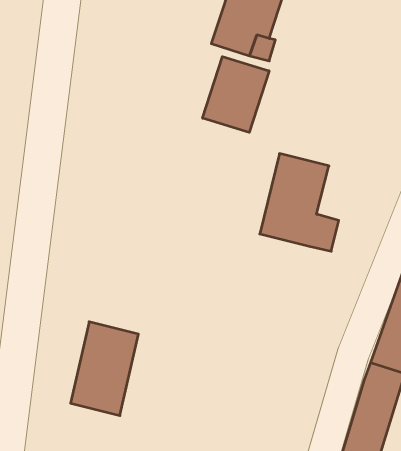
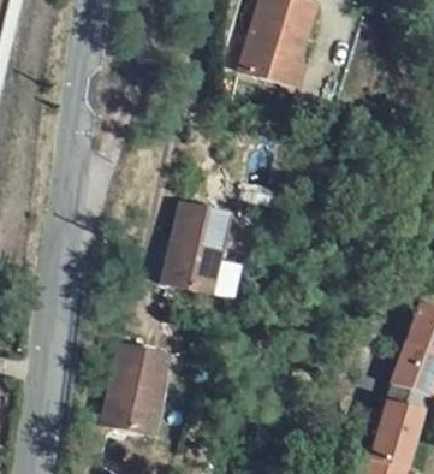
building: [203,57,269,132] -> none
building: [260,154,339,251] -> [161,201,238,296]

